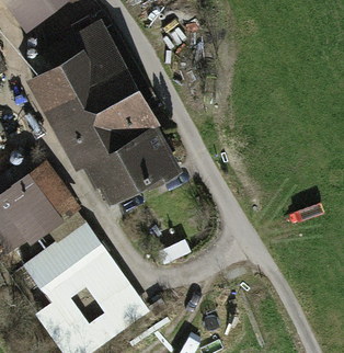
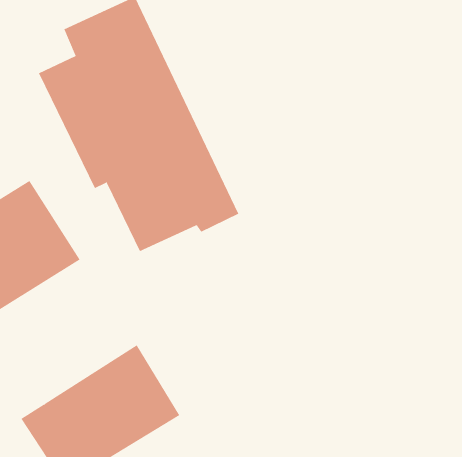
building: [27,229,112,306] -> none

